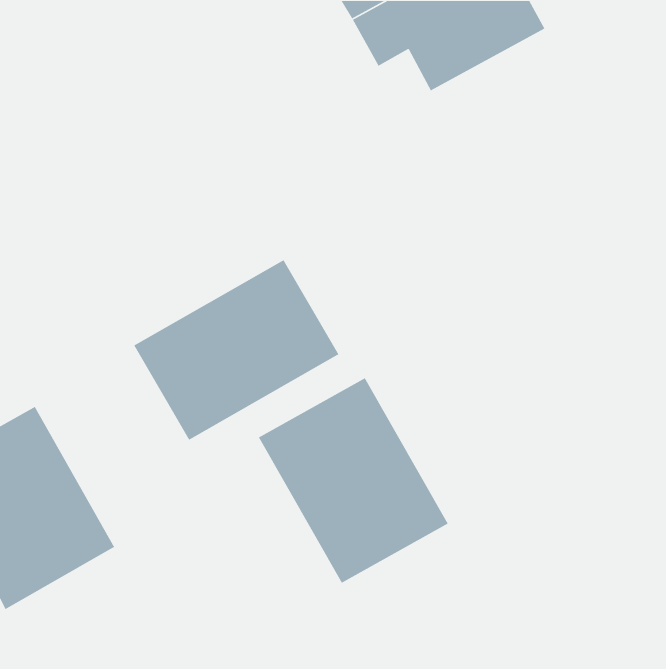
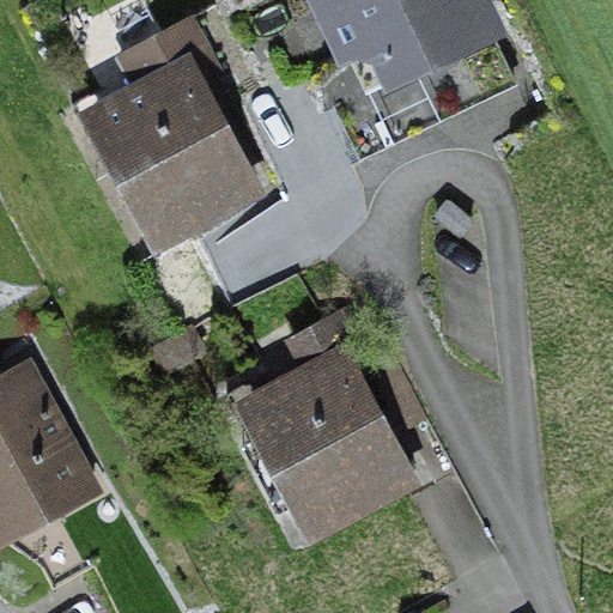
building: none -> [87,22,261,250]
building: [133,259,339,441] -> none

